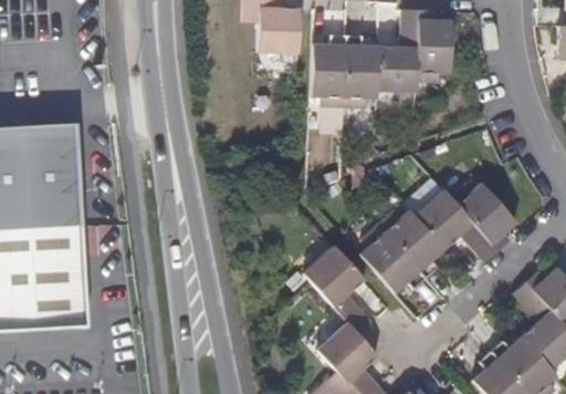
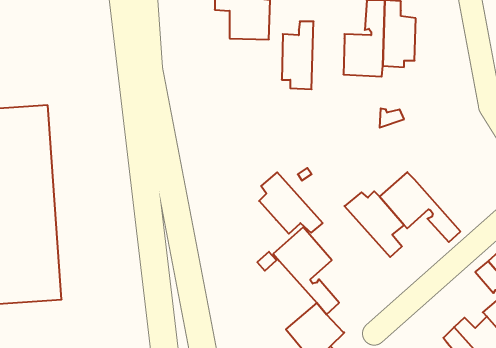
building: [344,32,378,104] -> none
building: [451,182,512,251] -> none
building: [359,225,426,289] -> [259,172,323,234]

